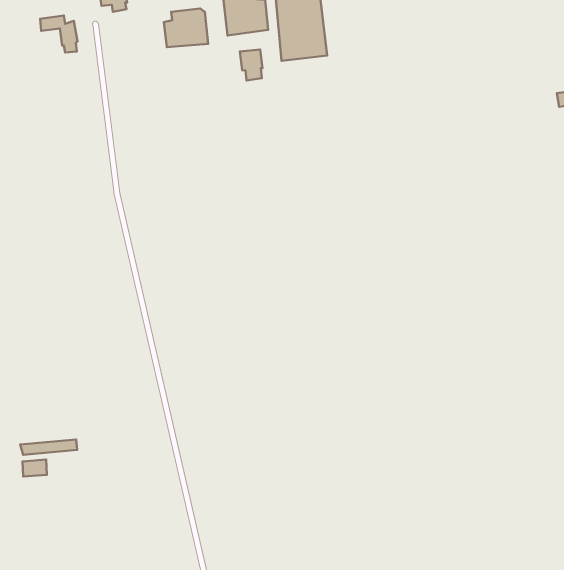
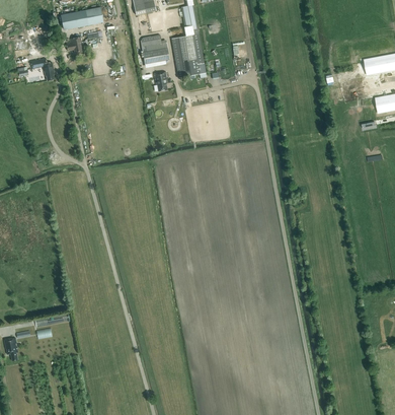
building: [164,9,208,47] -> none

